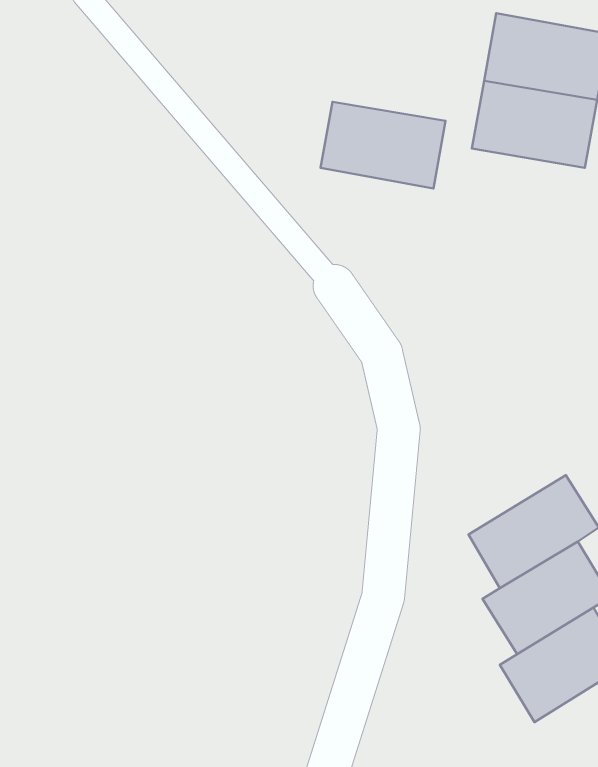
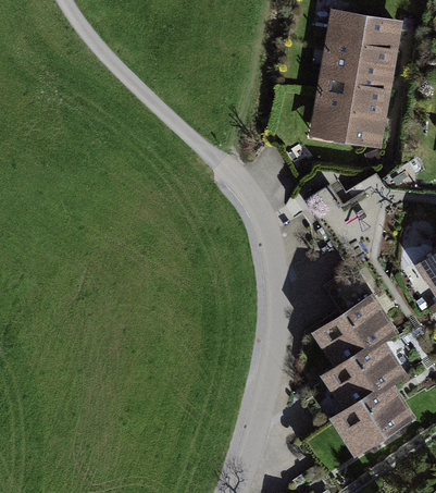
building: [320,102,446,189] -> [309,95,387,149]

